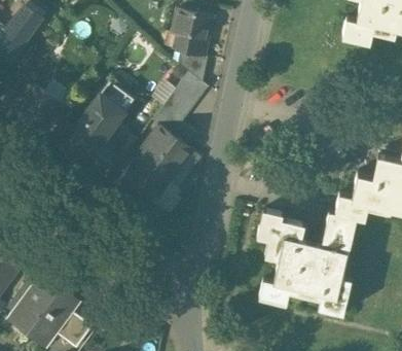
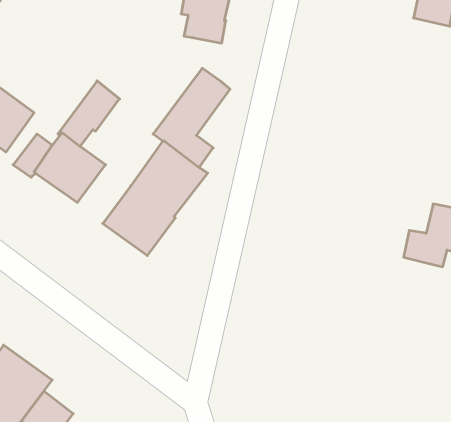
building: [177,51,207,84] -> none
building: [256,212,356,315] -> none

